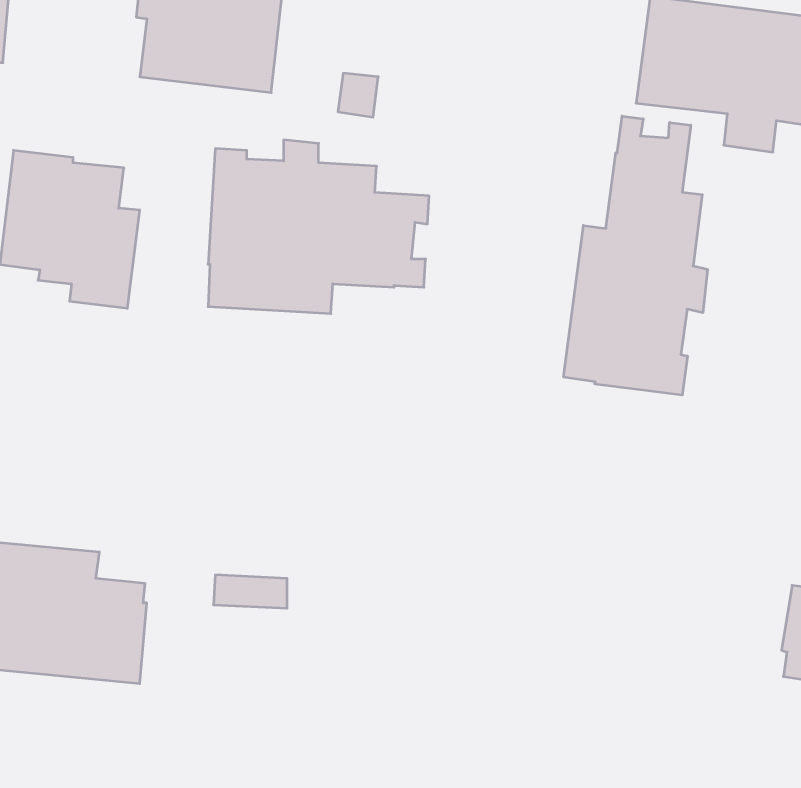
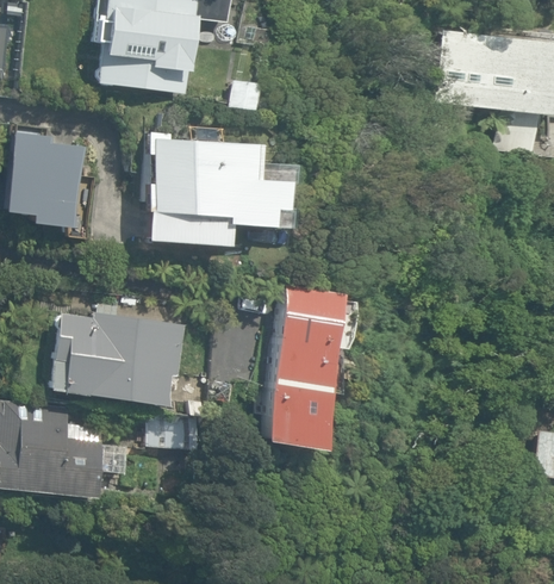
building: [564,116,707,395] -> none
building: none -> [259,284,340,449]
building: none -> [50,304,186,405]

